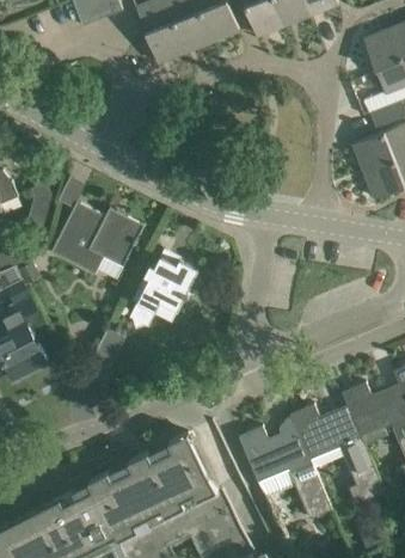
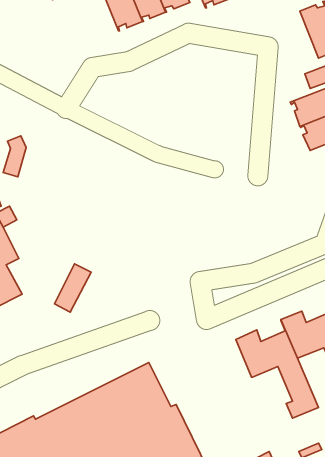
building: [50,201,143,274] -> none
building: [129,256,202,327] -> none
building: [238,413,331,519] -> none

